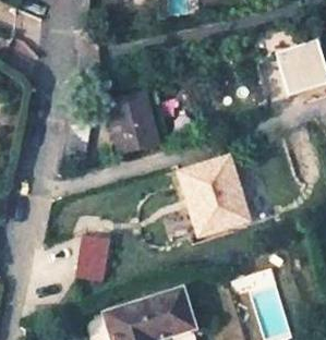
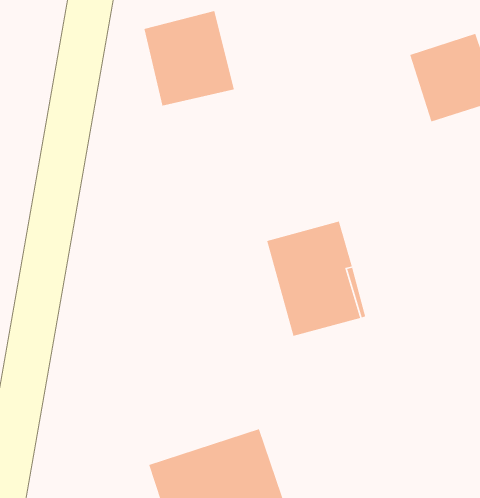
building: [102,93,162,156] -> [144,10,235,106]
building: [76,235,109,281] -> none

